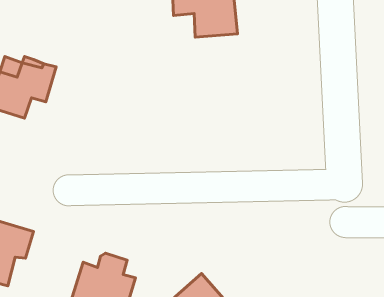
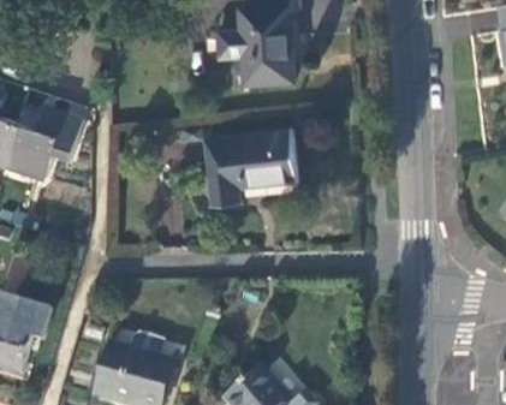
building: none -> [206,130,298,207]

